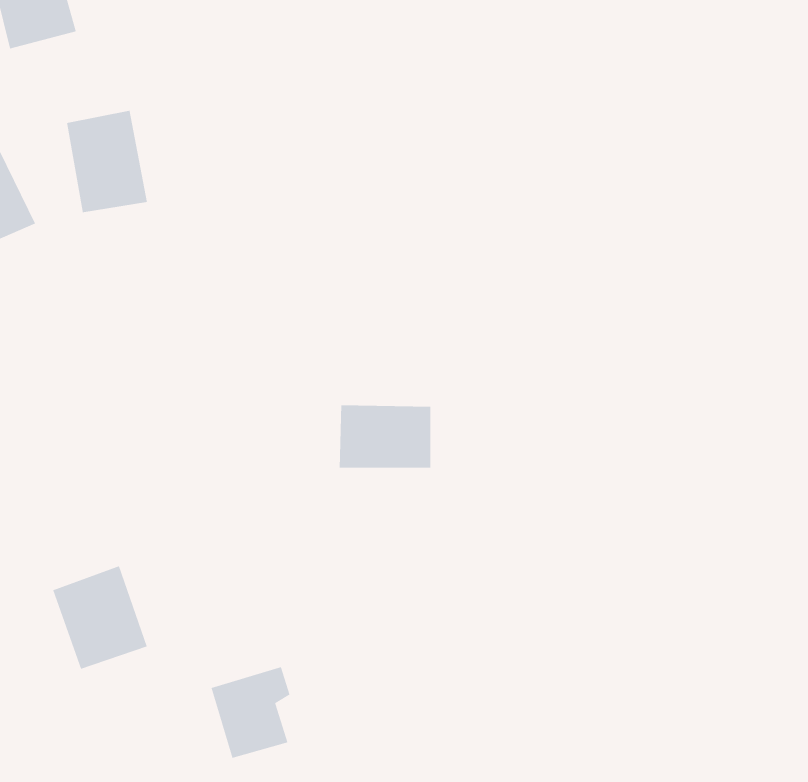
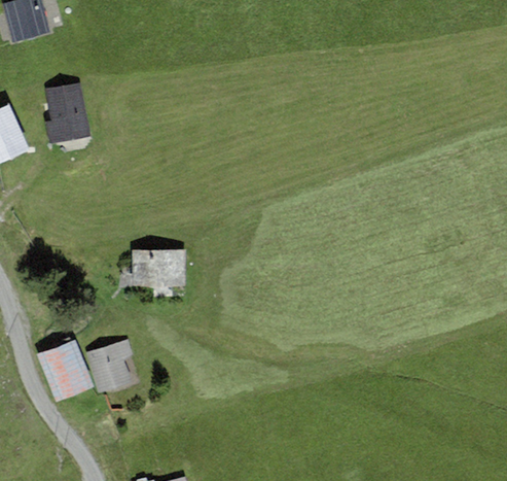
building: [339,405,431,469] -> [131,249,184,286]
building: [210,666,290,759] -> [85,340,132,393]

